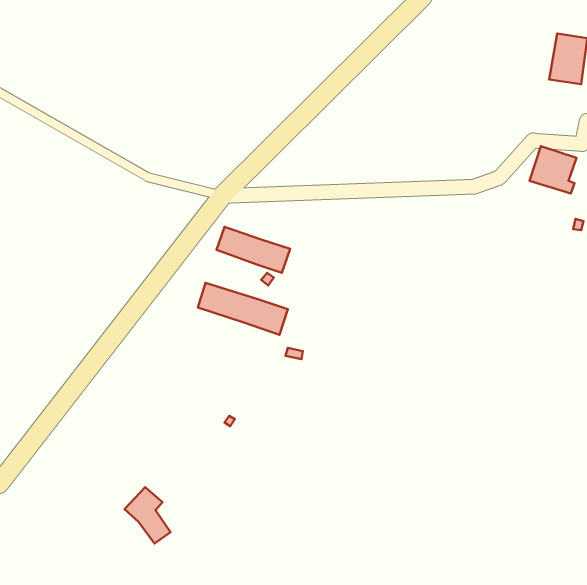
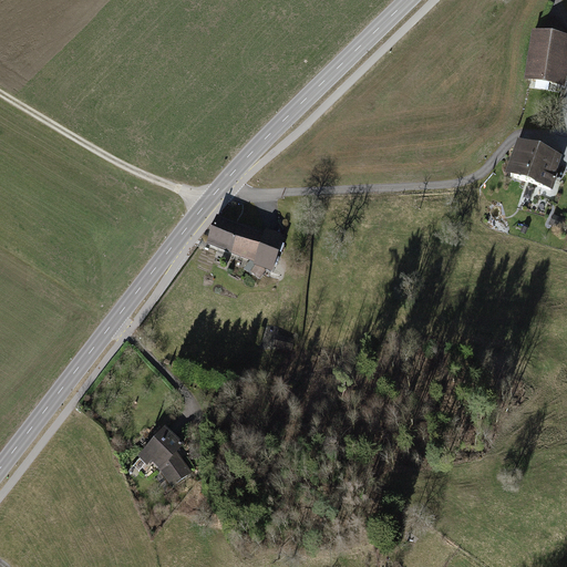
building: [198,283,288,335] -> none
building: [125,487,171,544] -> [144,427,188,482]

